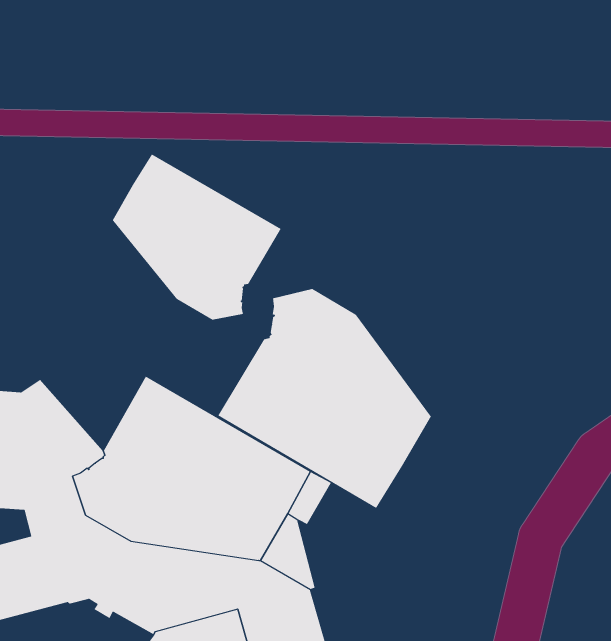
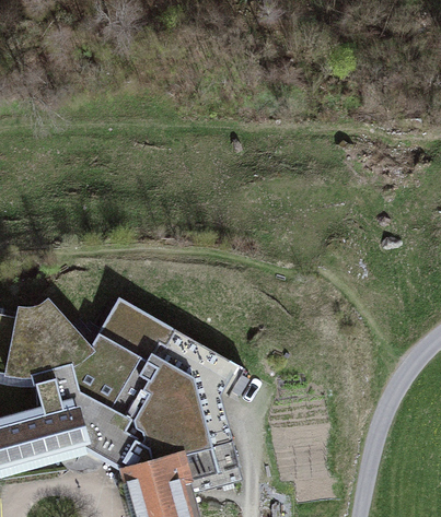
building: [112,154,282,320] -> none
building: [218,288,431,509] -> none

